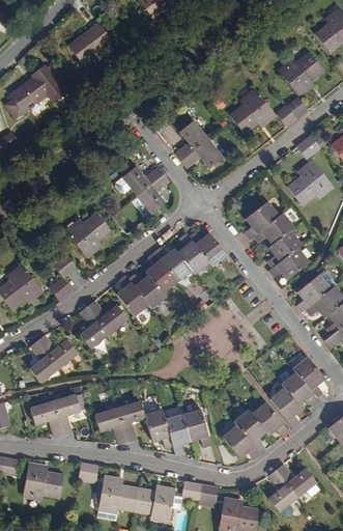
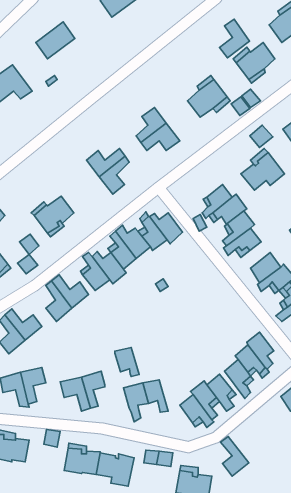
building: none -> [219,19,250,58]
building: [143,410,169,441] -> [115,347,139,377]
building: [275,464,315,497] -> none

